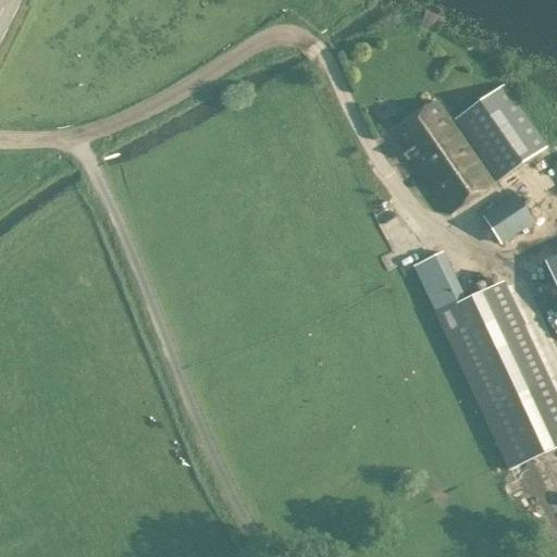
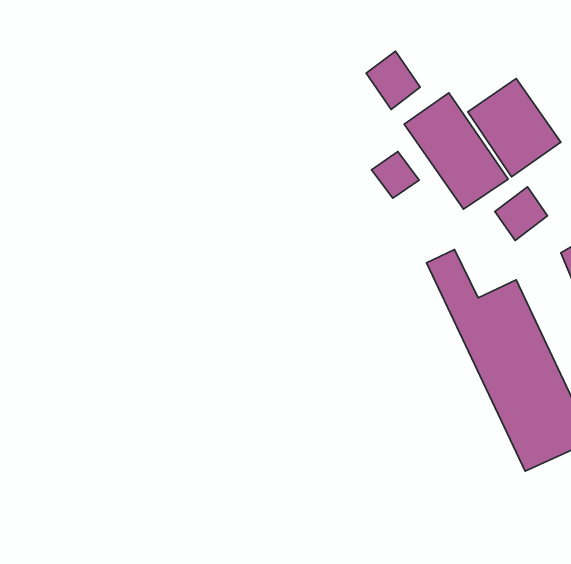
building: none -> [366,51,420,109]
building: none -> [372,152,419,198]

